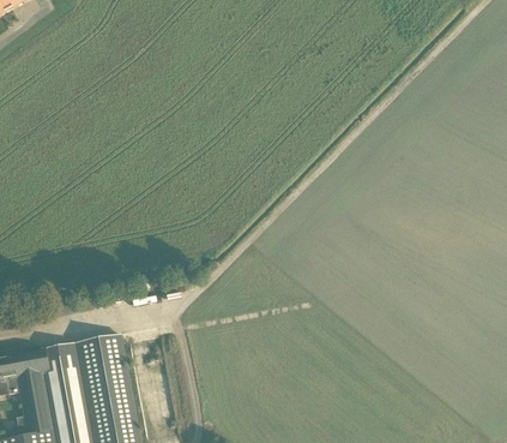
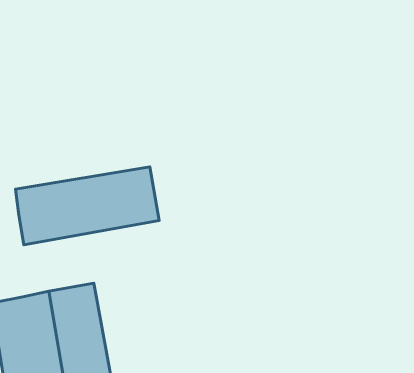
building: none -> [15,167,159,245]

